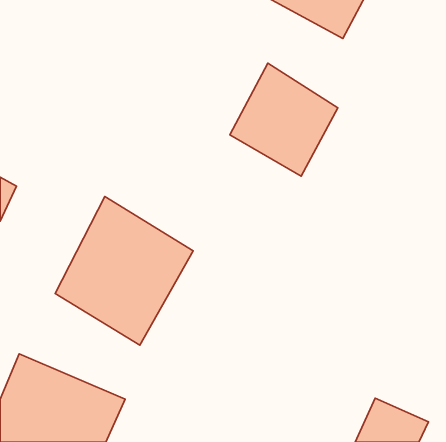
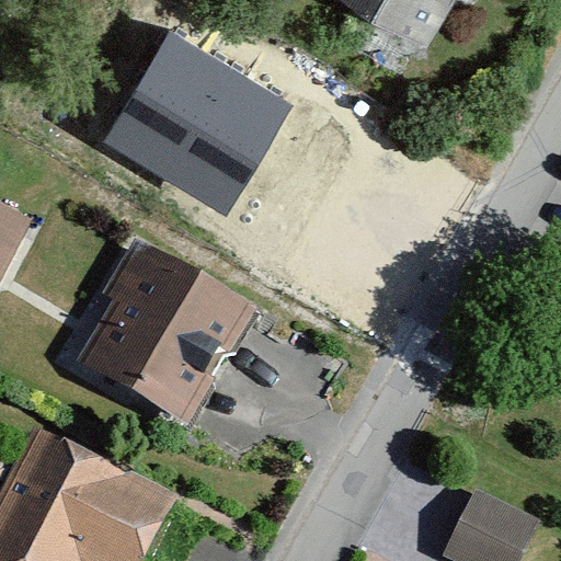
building: none -> [111,32,287,204]
building: [230,63,338,176] -> none

